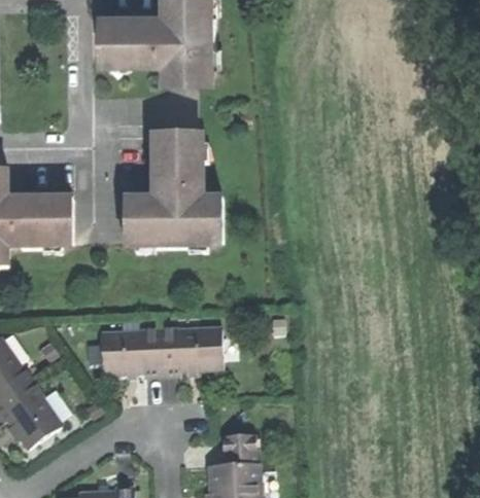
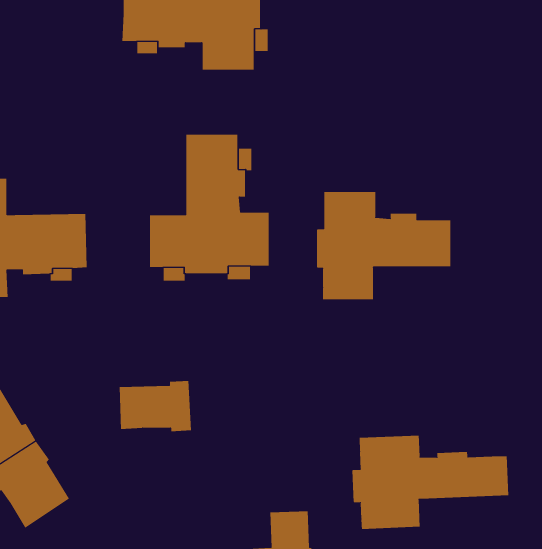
building: none -> [317,191,451,300]
building: [156,329,220,371] -> none
building: none -> [352,435,509,530]

